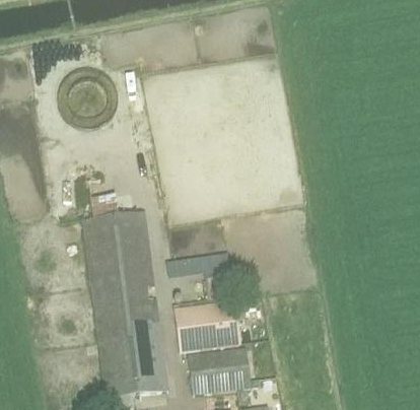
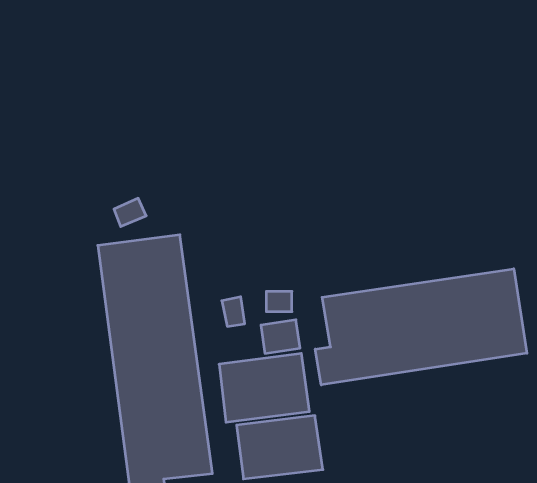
building: none -> [315,269,527,385]

